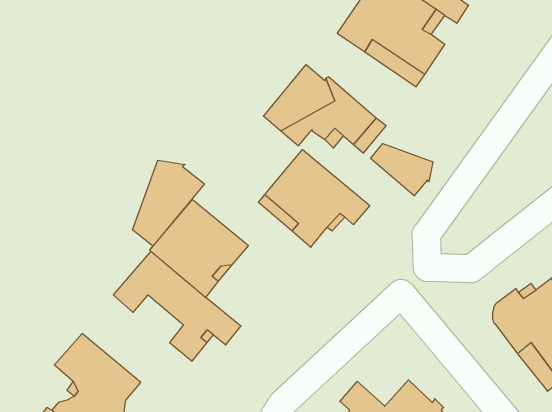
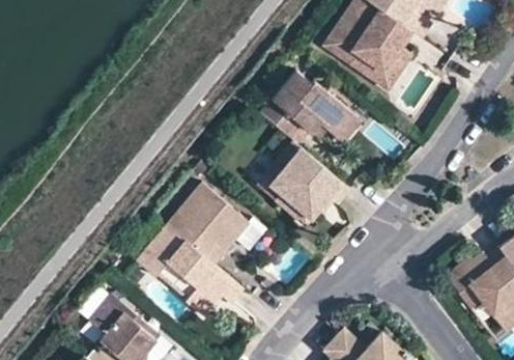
building: [371,144,433,196] -> none
building: [133,160,204,246] -> none

